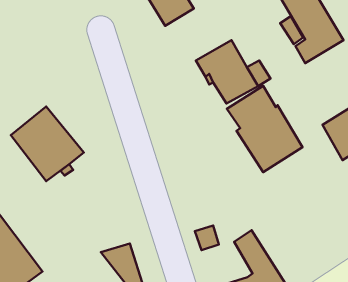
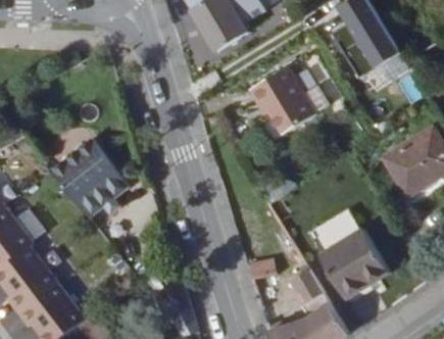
building: [227,86,303,172] -> [308,209,389,301]

